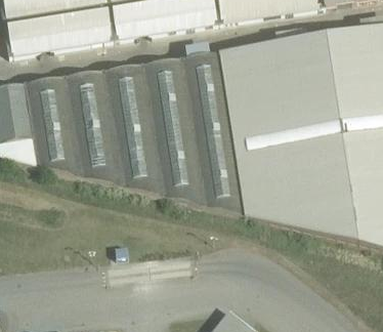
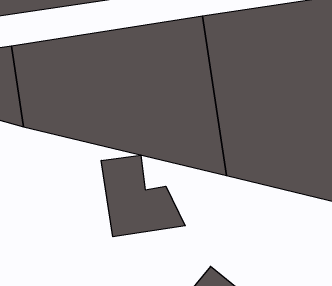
building: none -> [101,155,185,237]

